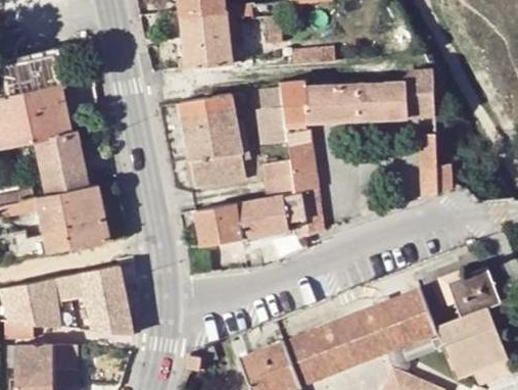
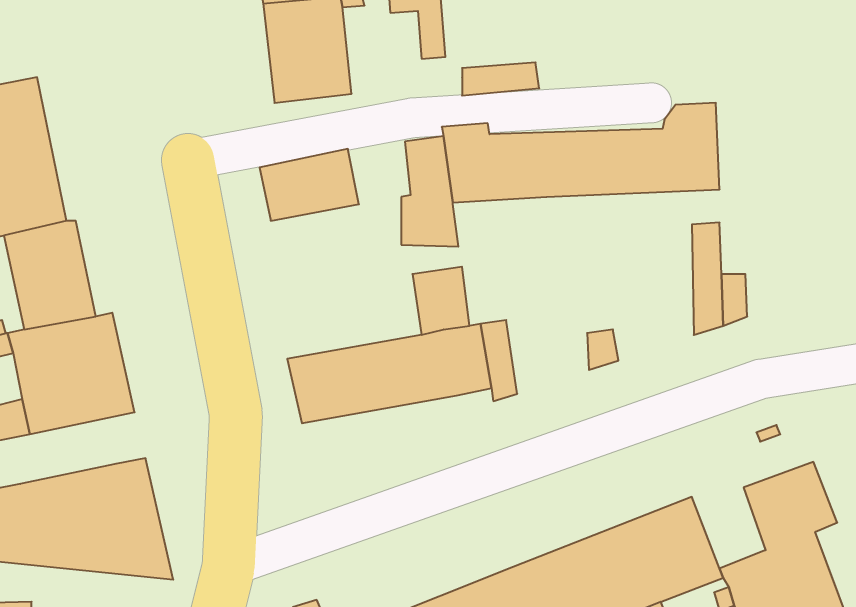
building: [287,125,317,193] -> none
building: [186,126,245,187] -> none

